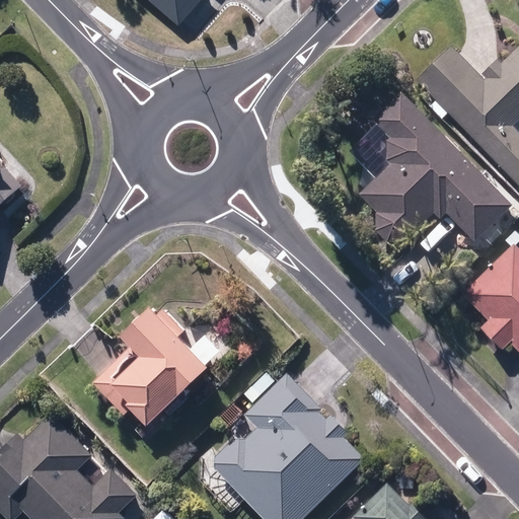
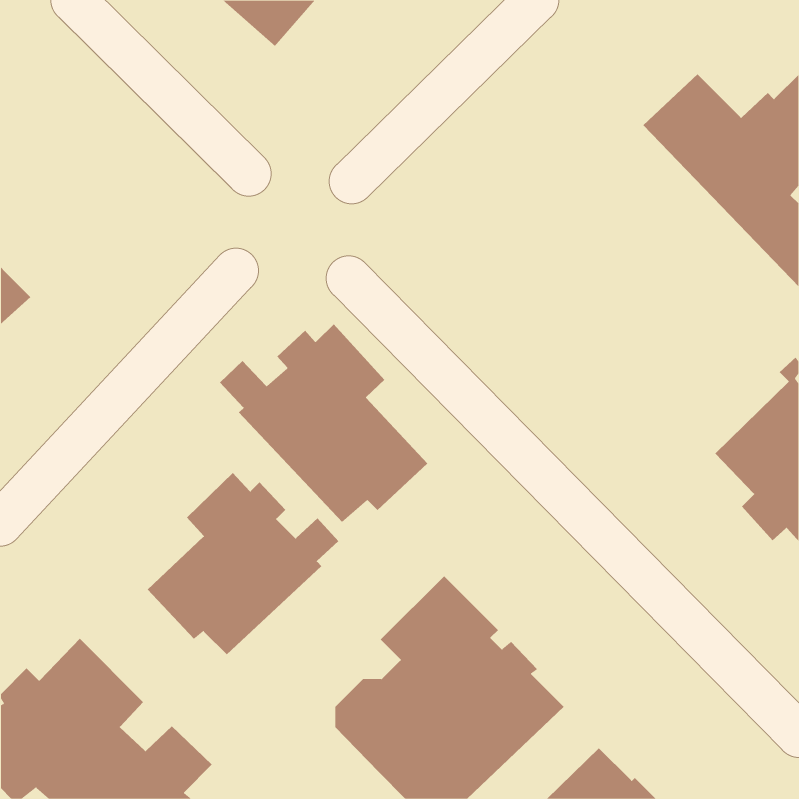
building: [360,93,512,241] -> none
building: none -> [219,324,428,523]

